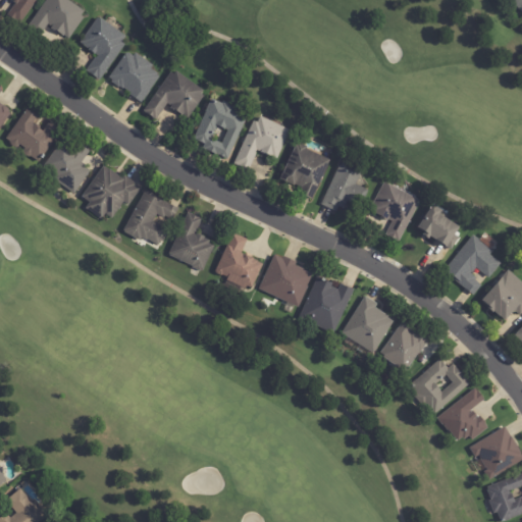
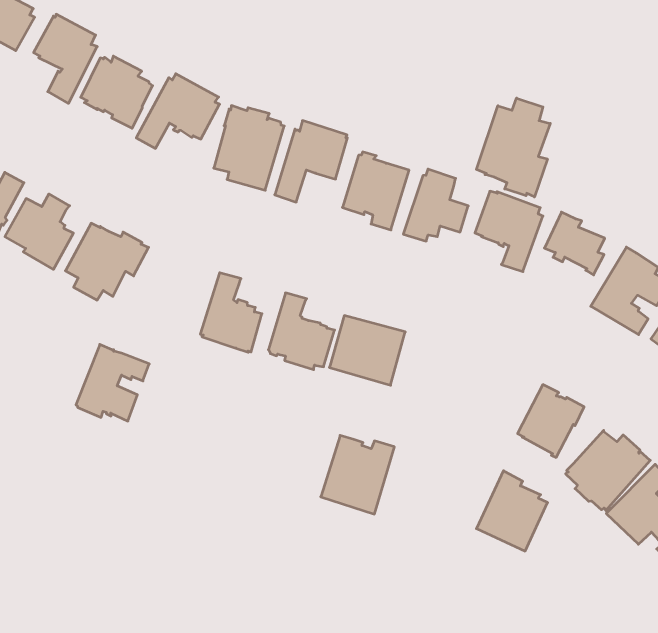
building: none -> [476,98,550,197]
building: [122,190,177,246] -> [76,344,149,421]
building: [298,276,354,334] -> [321,435,394,514]
building: [341,295,393,353] -> [476,471,548,551]

